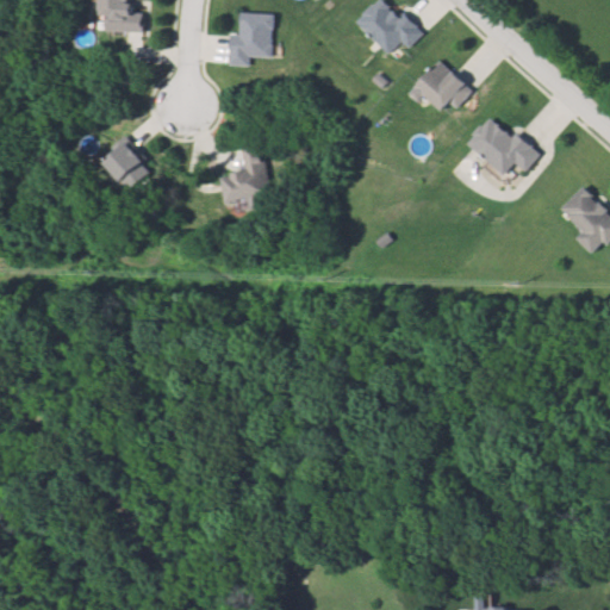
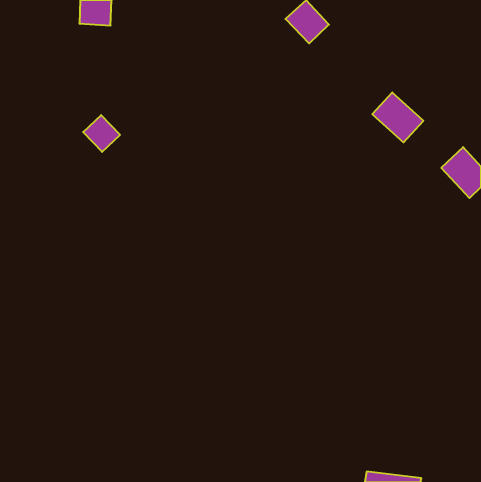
building: [228,13,272,64] -> none
building: [416,61,466,111] -> none
building: [219,147,269,201] -> none

